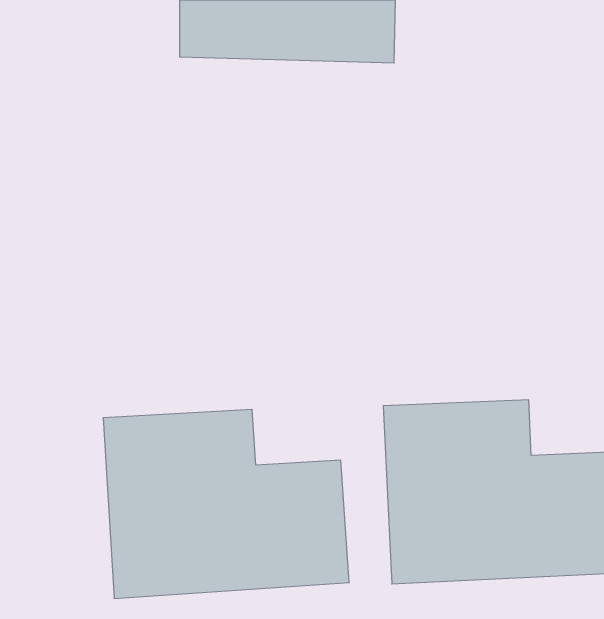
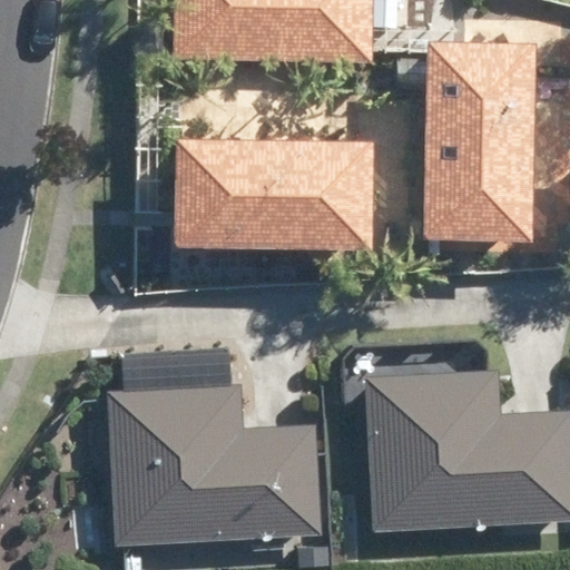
building: none -> [420,33,530,233]
building: none -> [169,131,371,240]

